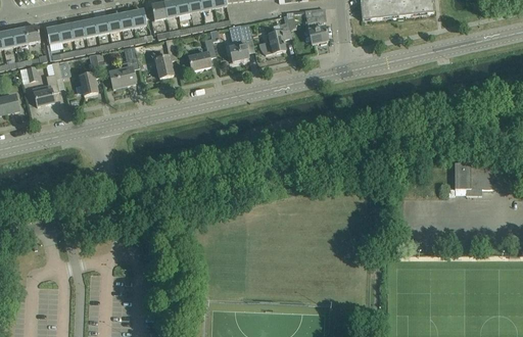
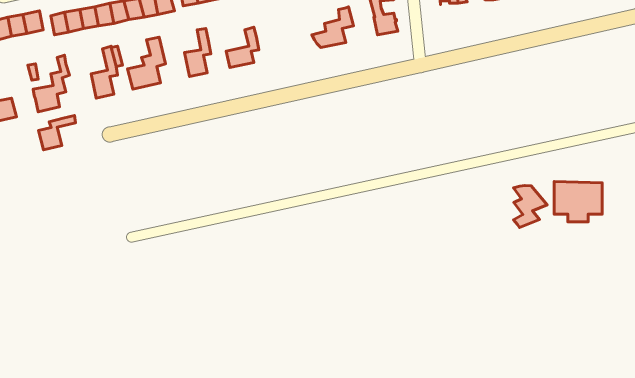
building: [229,22,252,60] -> none
building: none -> [38,116,76,150]
building: none -> [513,186,547,228]

